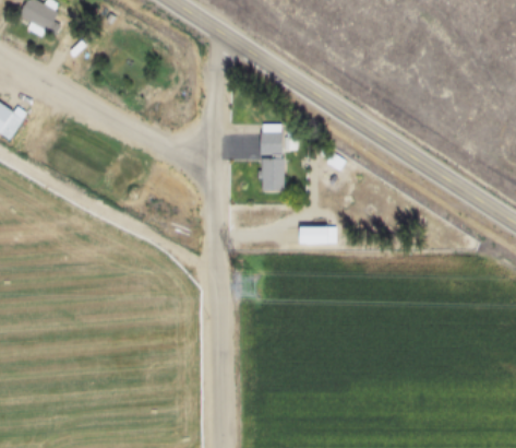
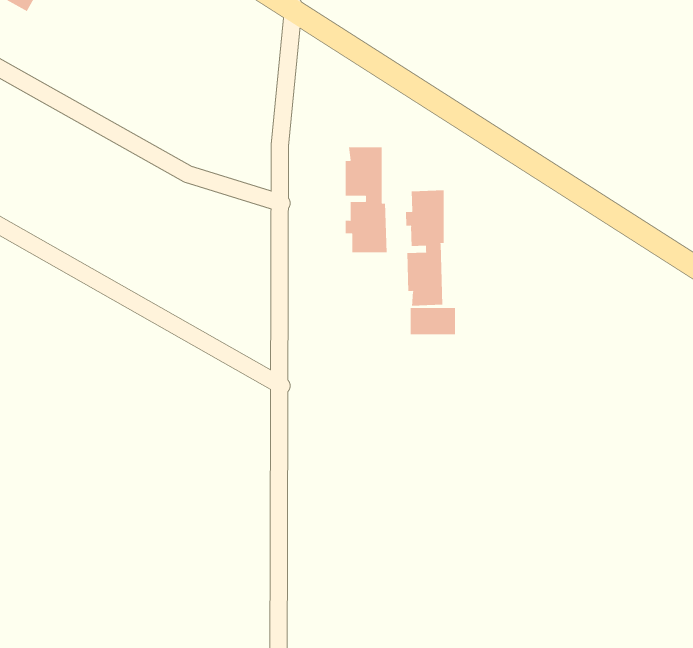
building: none -> [405,189,444,307]

